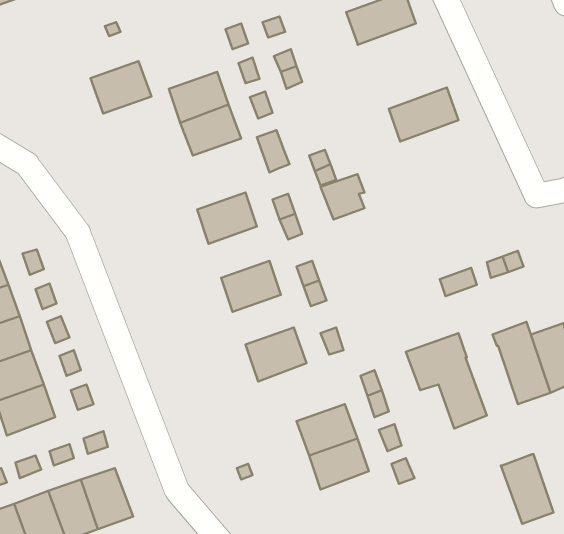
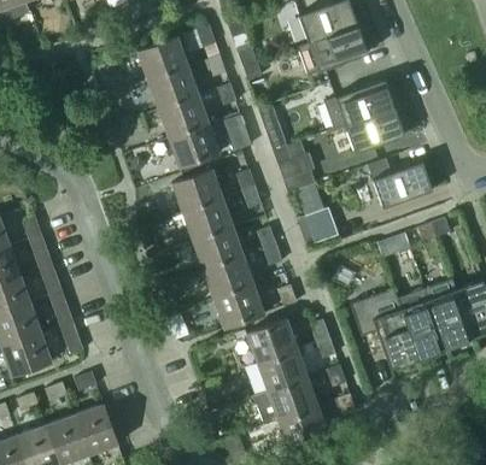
building: none -> [298,25,368,75]
building: [90,61,151,114] -> [137,36,189,81]
building: none -> [345,107,405,153]
building: none -> [169,123,221,167]
building: none -> [368,158,433,207]
building: none -> [182,198,234,241]
building: none -> [304,207,338,242]
building: none -> [203,255,254,298]
building: none -> [246,318,298,363]
building: [501,454,553,524] -> [400,299,445,358]
building: none -> [277,405,329,449]

